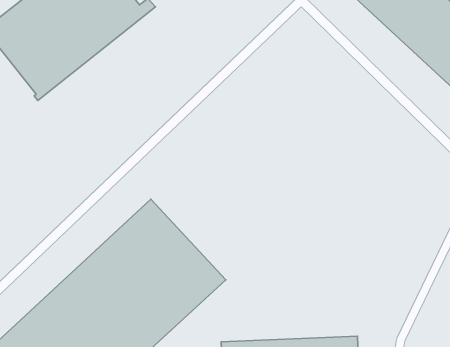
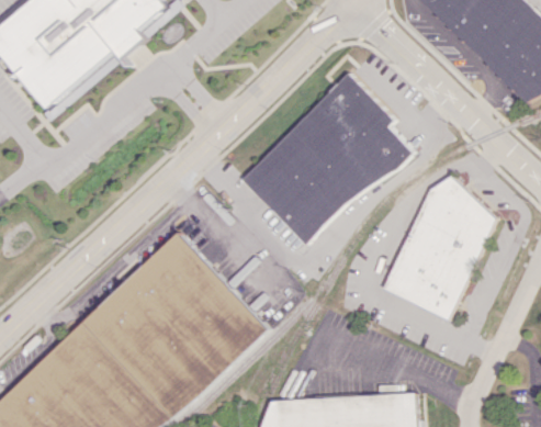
building: none -> [239,74,408,247]
building: none -> [384,173,496,321]

